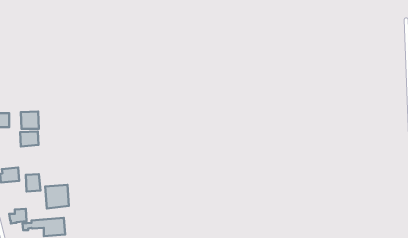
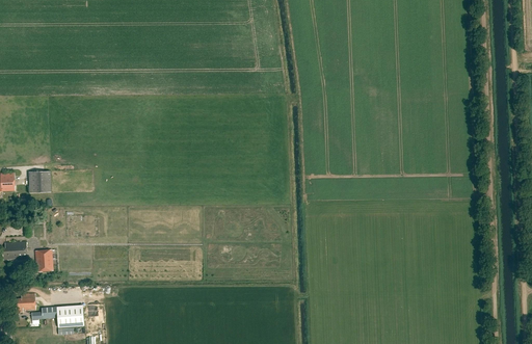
building: [20,131,39,147] -> none
building: [45,185,69,208] -> none

